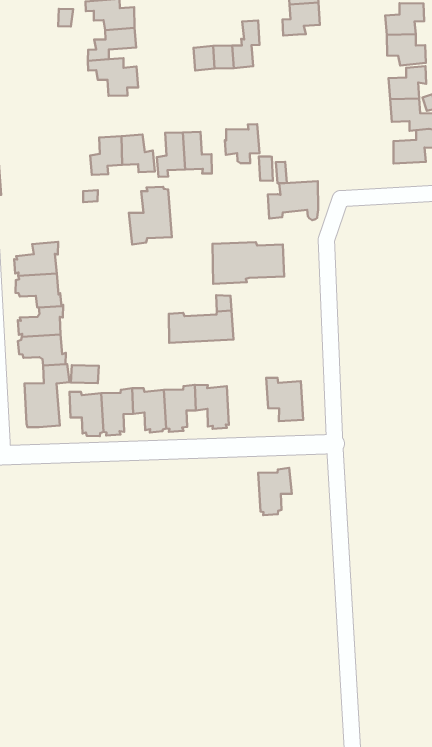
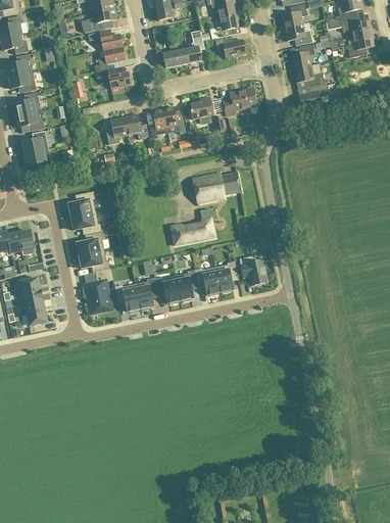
building: none -> [214,35,245,56]
building: [268,181,318,220] -> [223,87,256,115]
building: [129,187,172,244] -> none
building: [258,468,292,515] -> [214,260,238,293]

